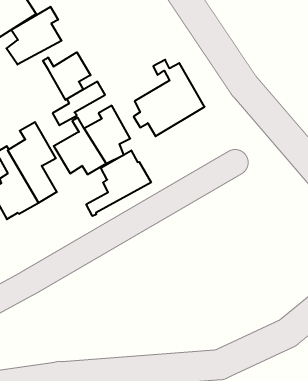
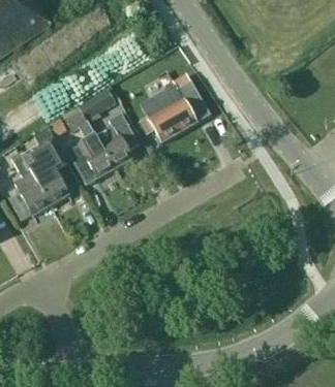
building: [6,7,62,65] -> none
building: [43,52,91,100] -> none
building: [86,150,151,216] -> none

